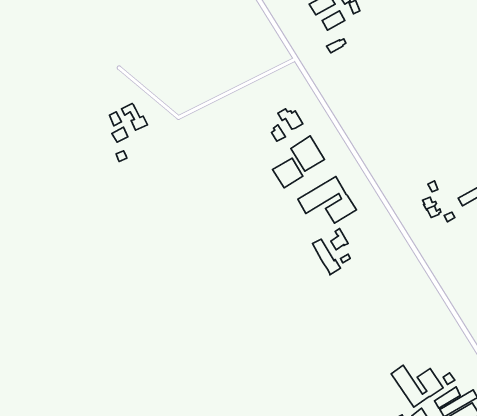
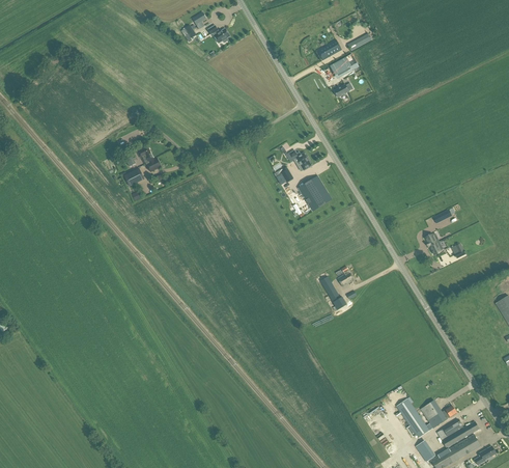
building: [272,158,303,188] -> none
building: [298,176,356,223] -> none

